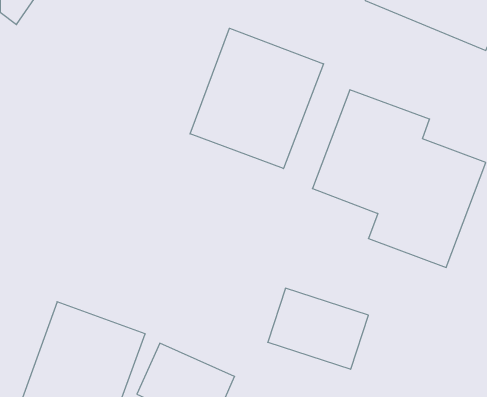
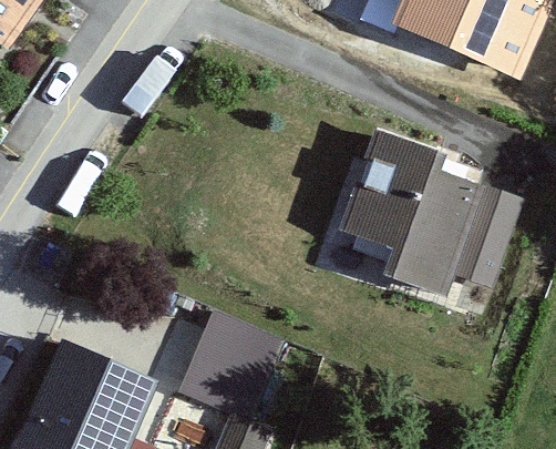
building: [190,28,324,169] -> none
building: [268,288,368,369] -> [158,318,266,405]

